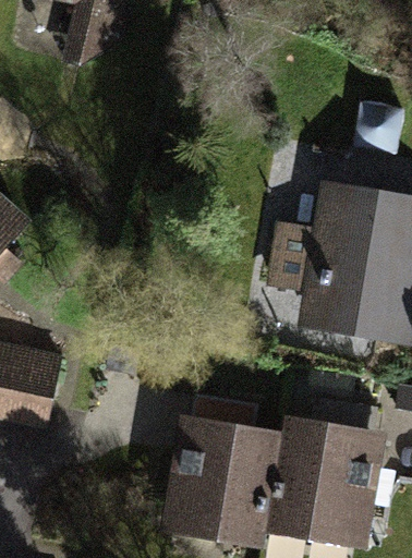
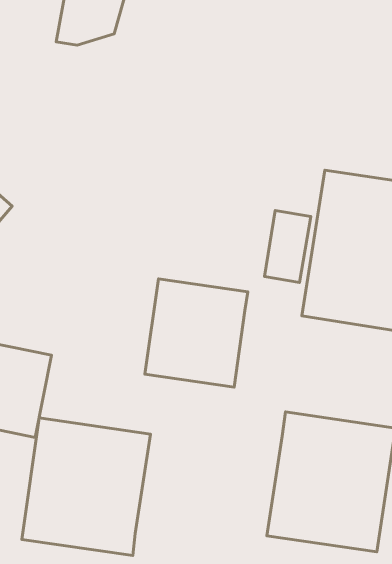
building: none -> [145,279,248,387]
building: [157,417,278,547] -> [22,418,150,556]

